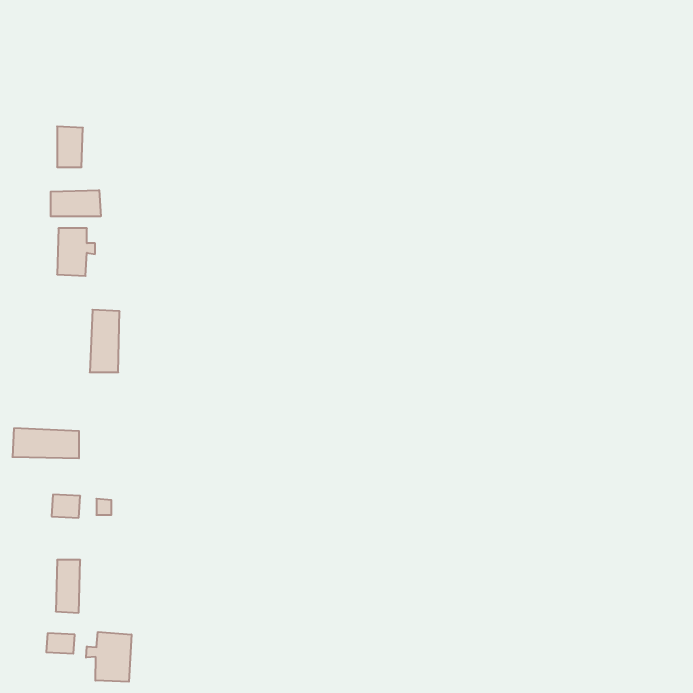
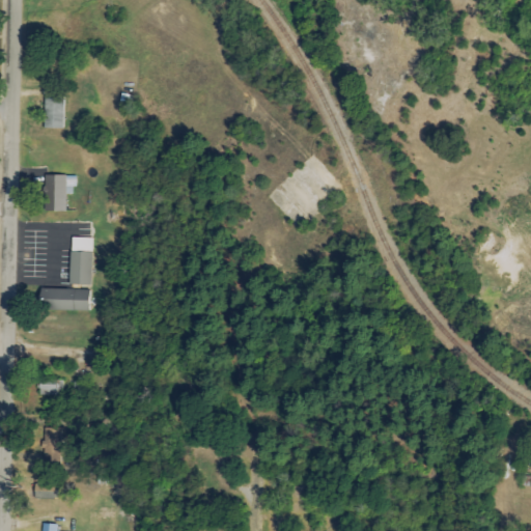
building: [51,190,101,216] -> none
building: [12,428,79,458] -> [39,287,90,310]
building: [86,632,131,682] -> none

